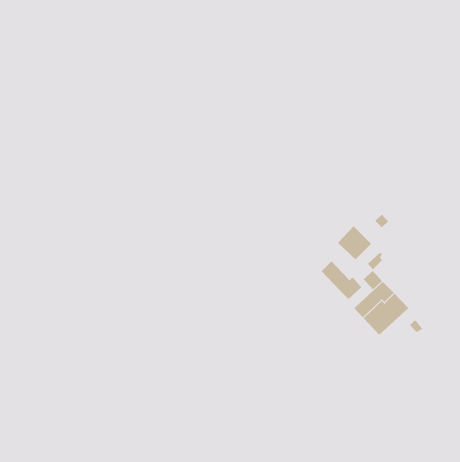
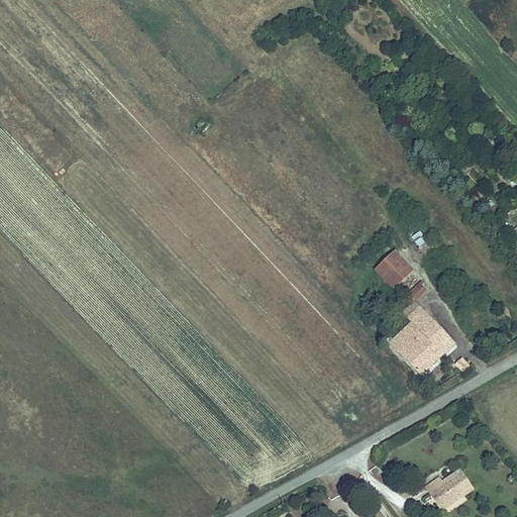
building: [321,261,362,300] -> none
building: none -> [424,468,474,509]

